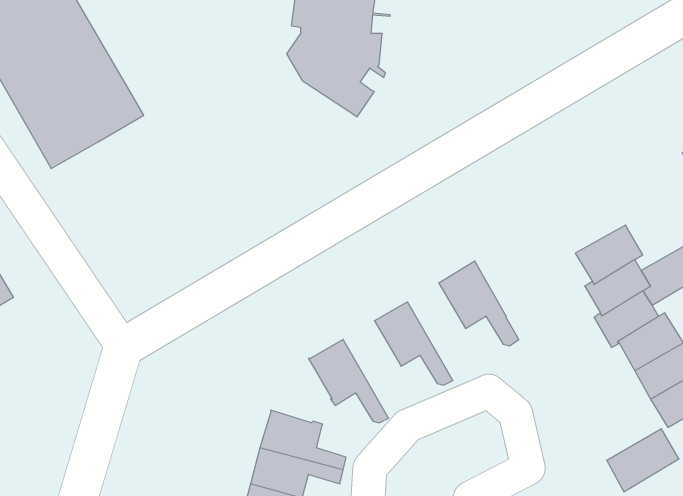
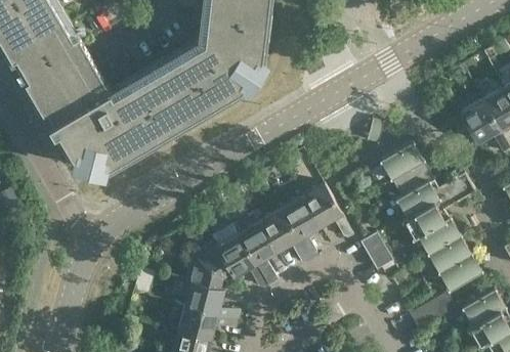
building: none -> [42,47,242,175]
building: none -> [380,143,423,180]
building: none -> [281,200,318,263]
building: none -> [239,224,277,288]
building: none -> [360,234,393,272]
building: none -> [185,244,231,291]

